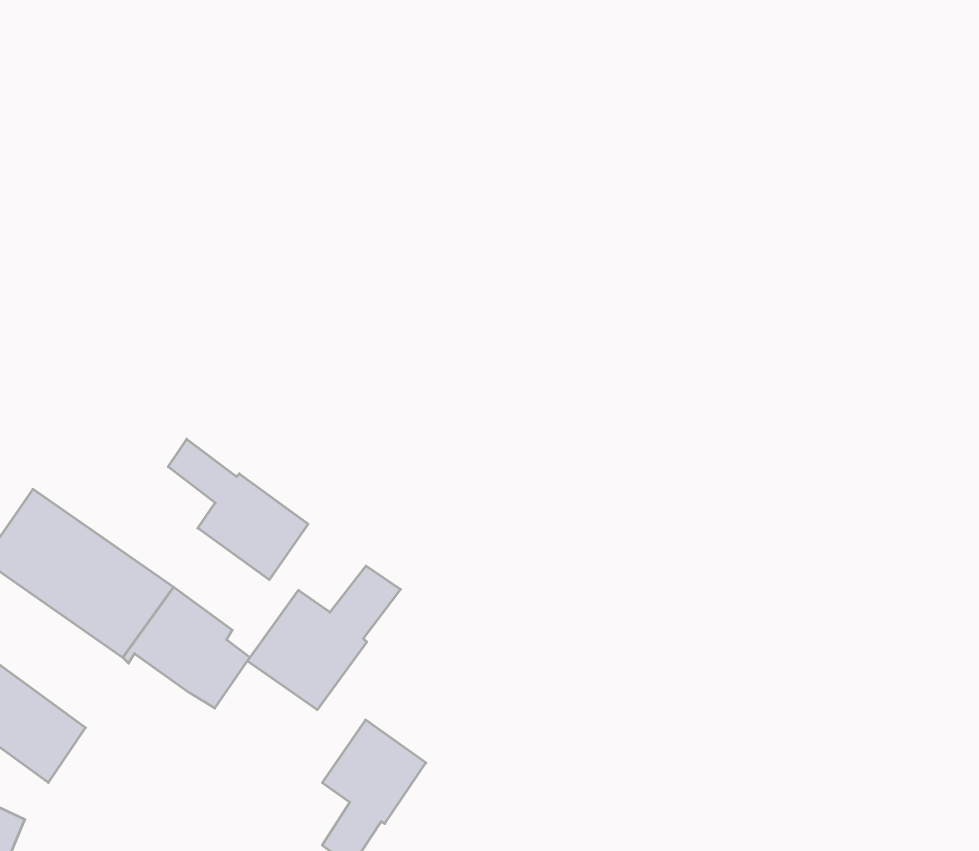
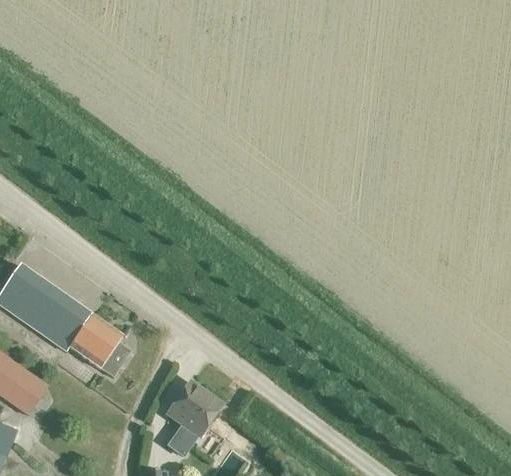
building: [168,439,308,580] -> none
building: [247,566,401,710] -> none

